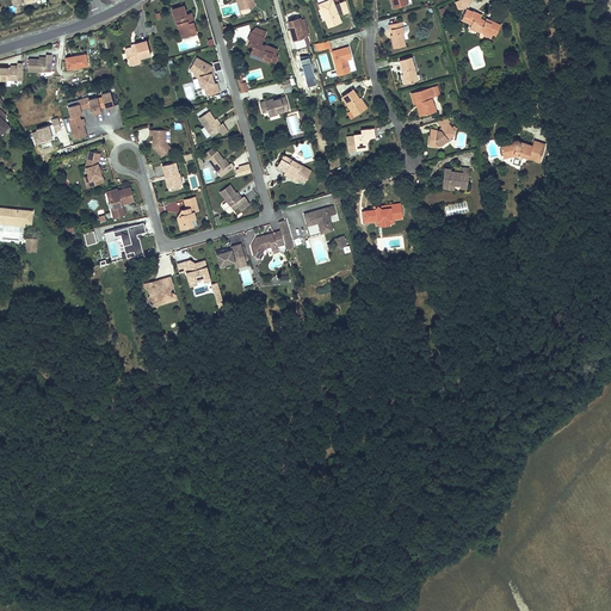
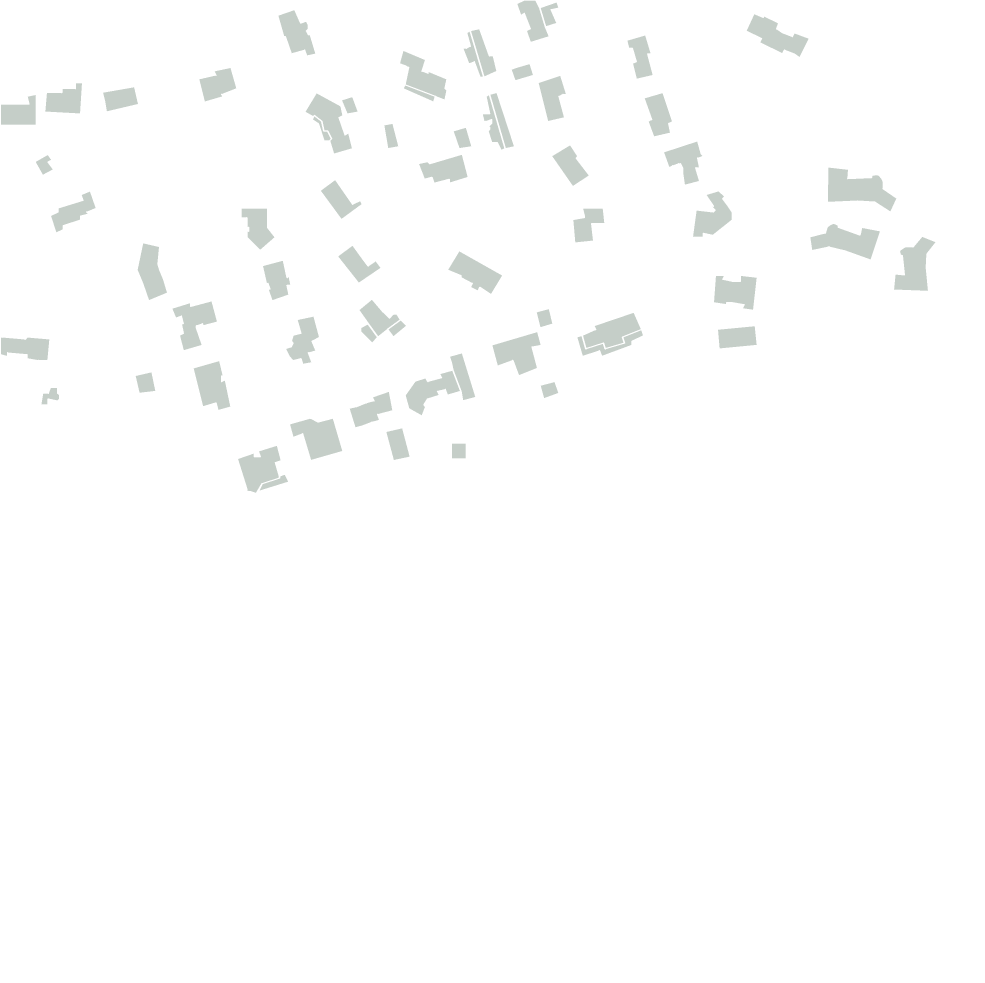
building: [67,93,113,140] -> none
building: none -> [827,167,897,213]
building: none -> [893,236,937,292]

